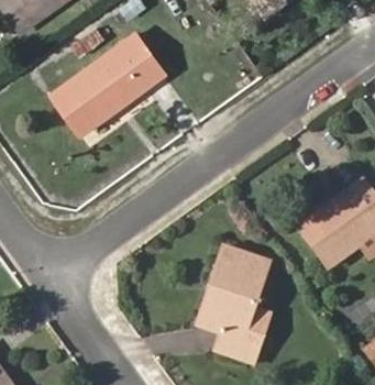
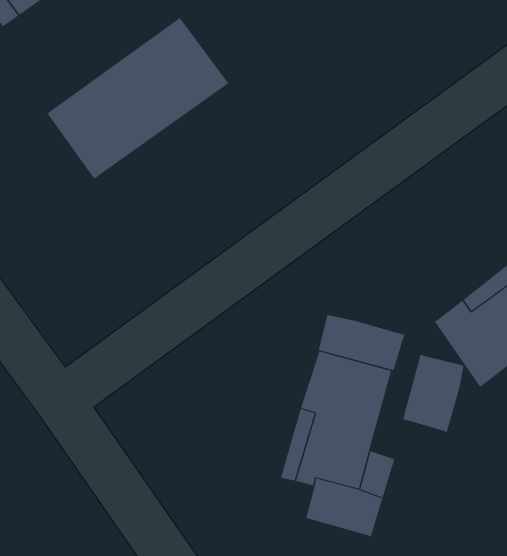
building: none -> [318,314,405,371]
building: none -> [403,354,464,433]

